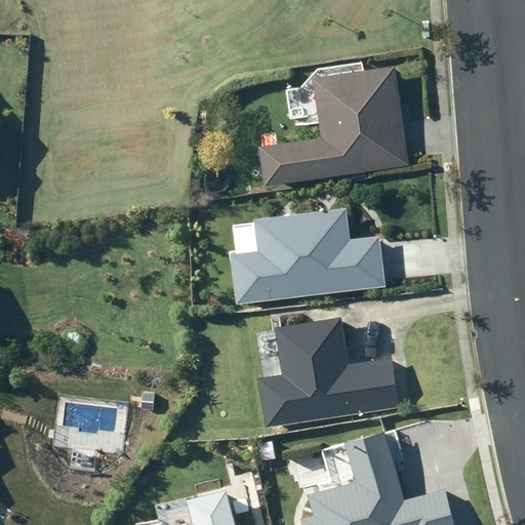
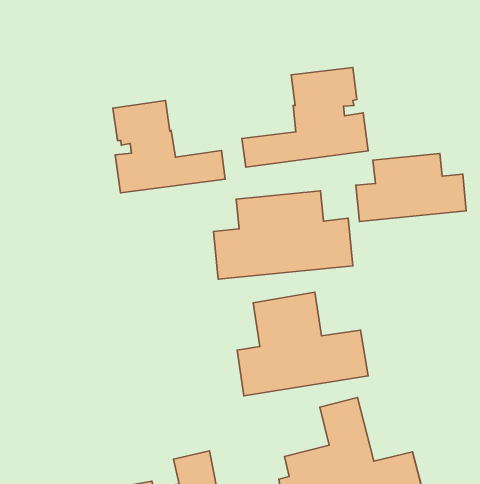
building: none -> [113,101,225,193]
building: none -> [356,153,466,222]

